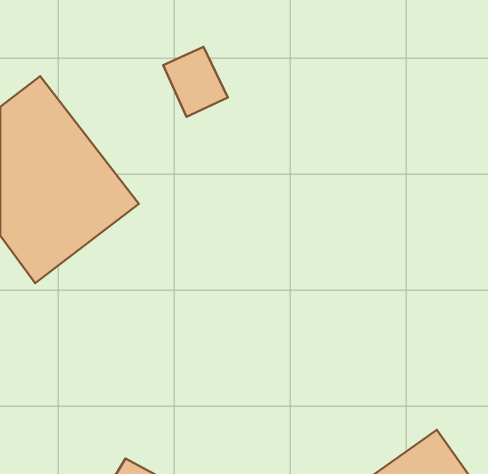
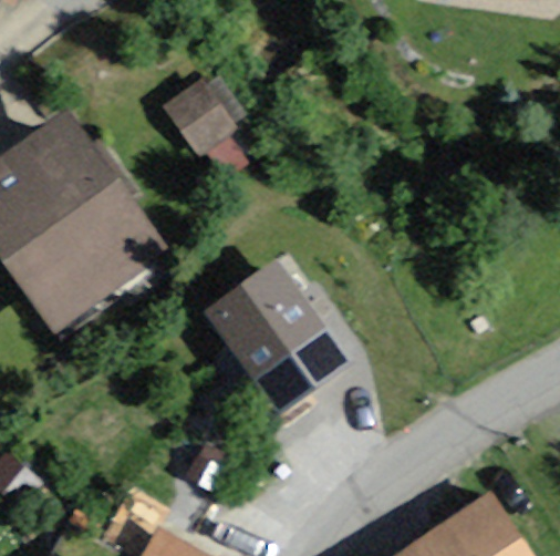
building: none -> [229,243,331,363]

